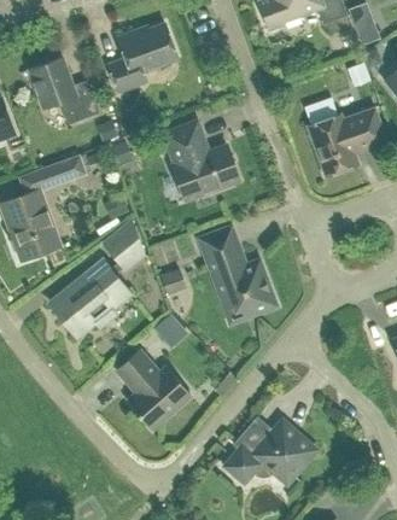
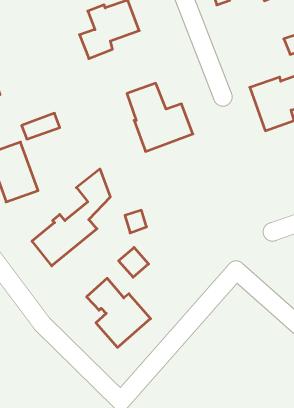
building: [29,57,100,124] -> none
building: [199,227,275,322] -> none
building: [223,419,315,484] -> none

